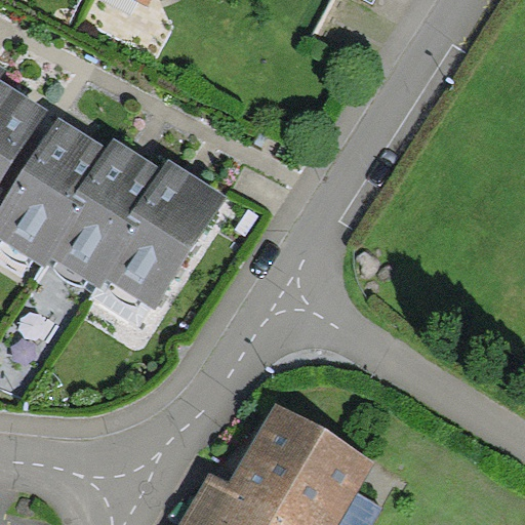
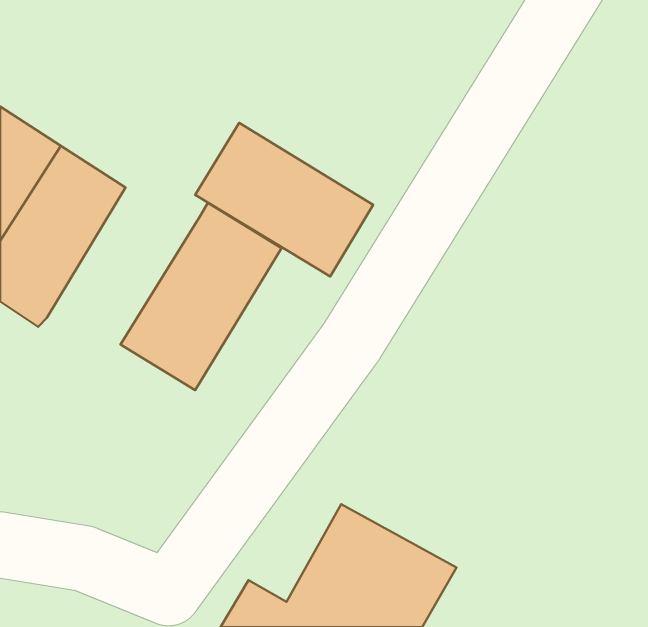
building: none -> [195,123,373,276]
building: [38,140,162,289] -> none

